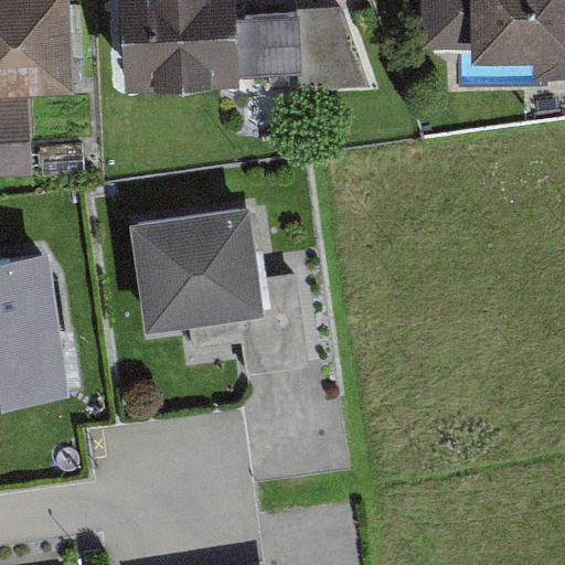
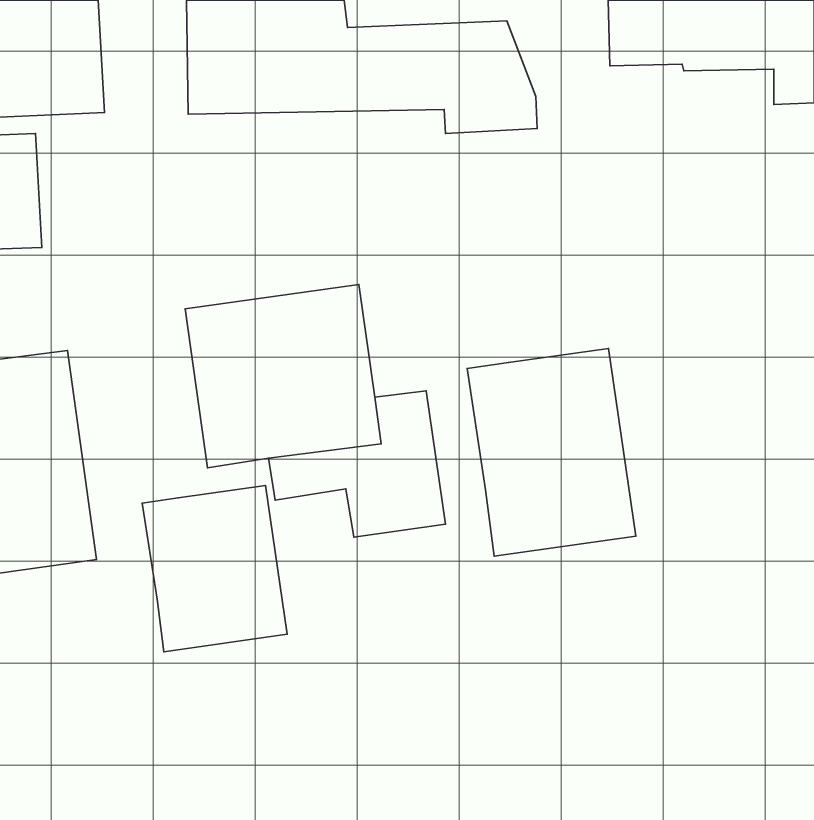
building: none -> [467,348,636,556]
building: none -> [142,486,287,652]

